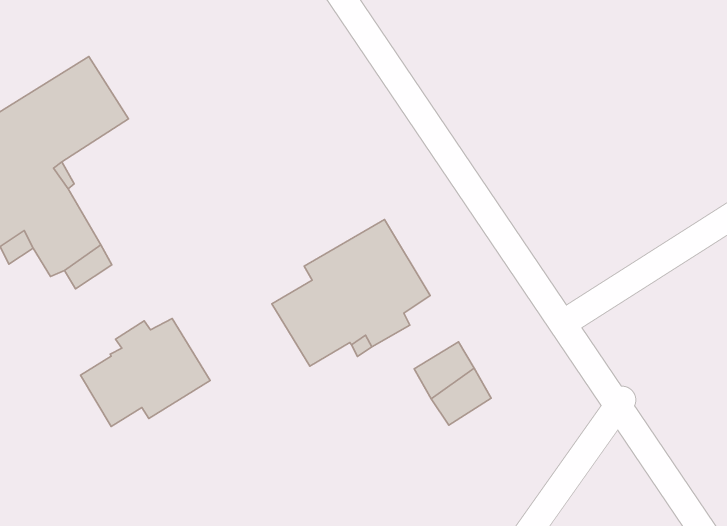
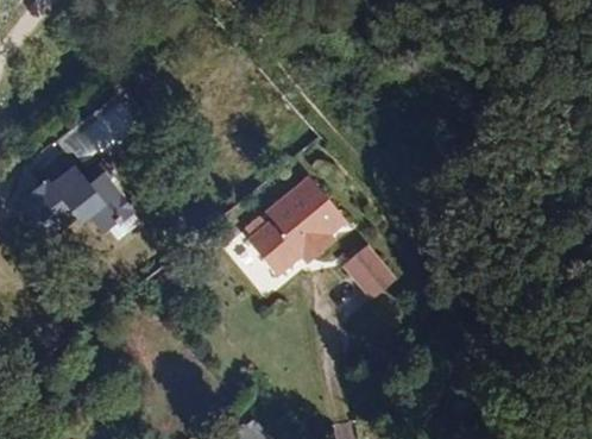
building: [81,318,210,426] -> none

